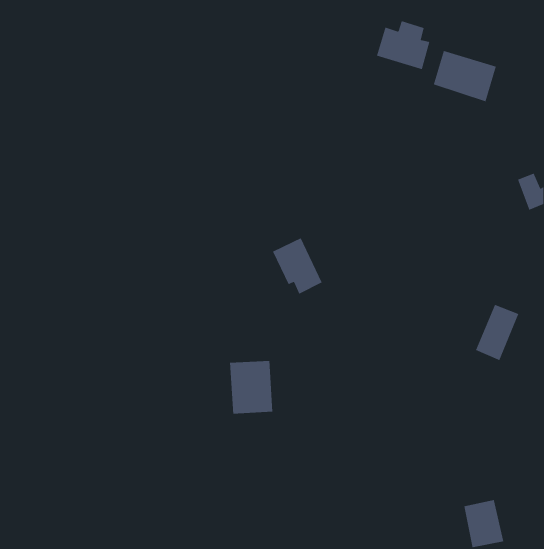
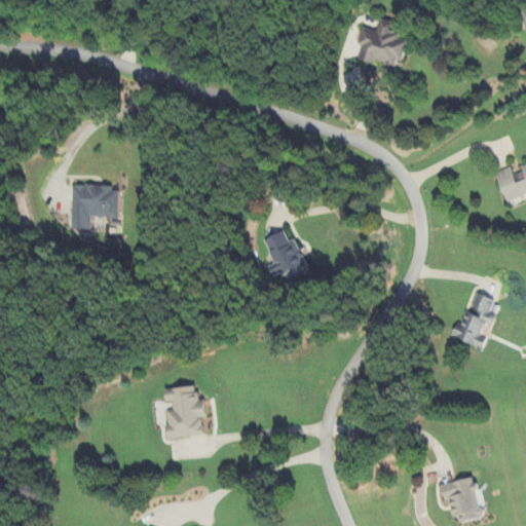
building: [433,50,497,102] -> none
building: none -> [67,181,121,230]
building: [229,360,273,414] -> [163,386,205,438]

